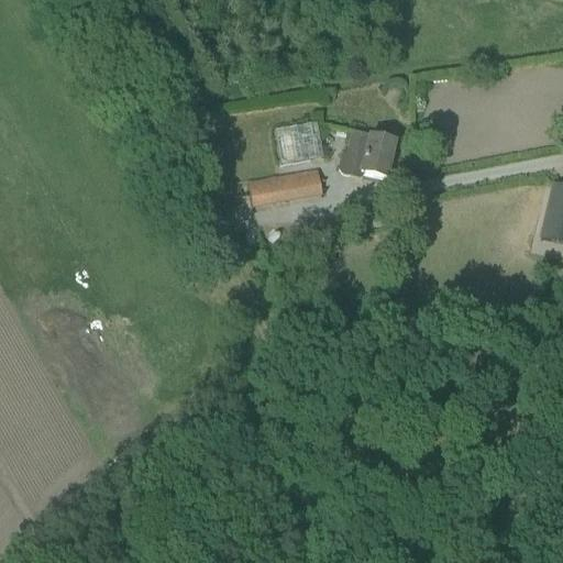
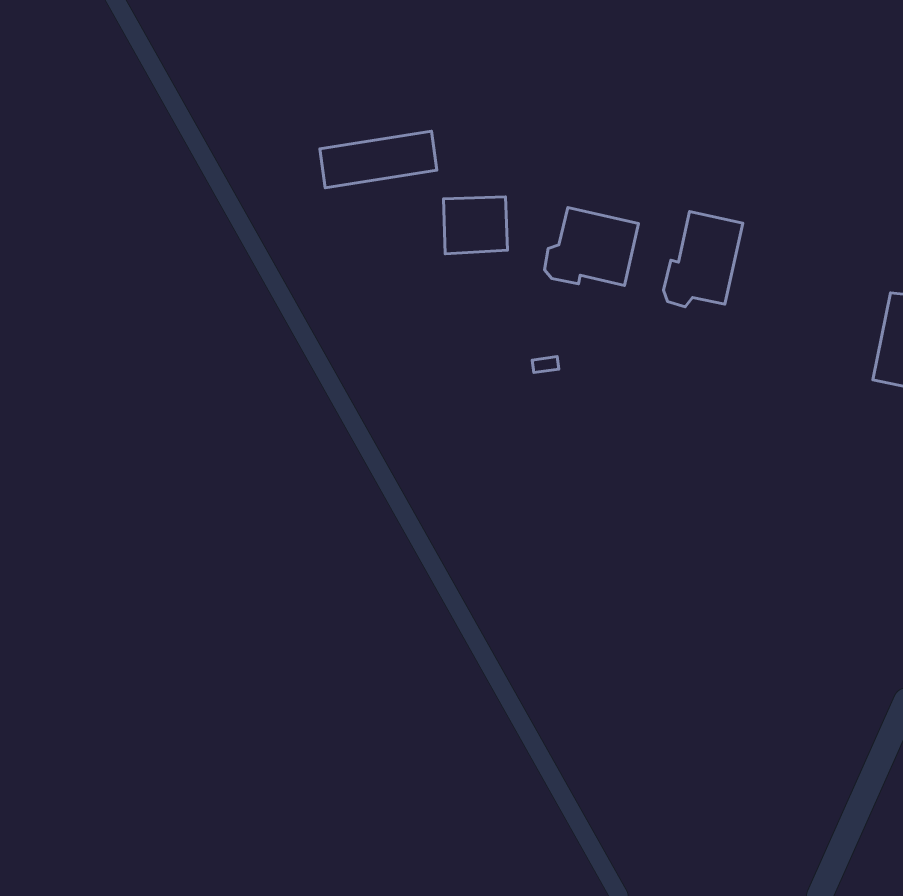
building: none -> [664,211,743,307]
building: [250,168,322,203] -> [320,131,437,188]

